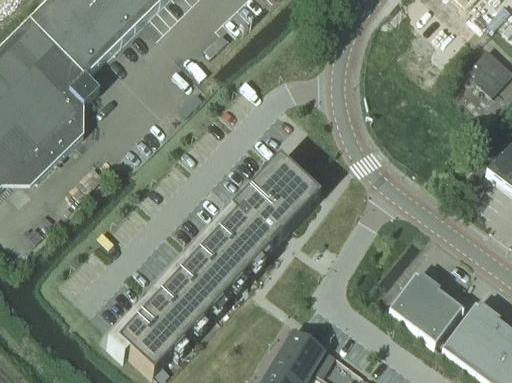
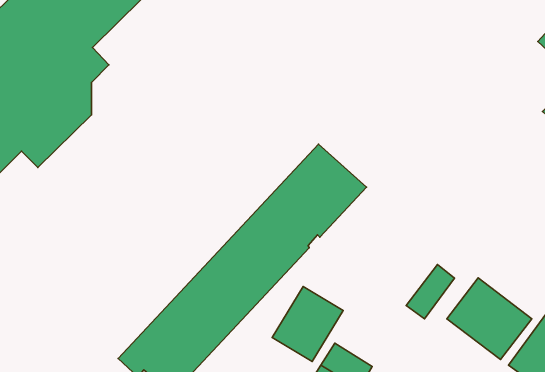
building: none -> [406,264,455,319]
building: none -> [272,286,343,362]

